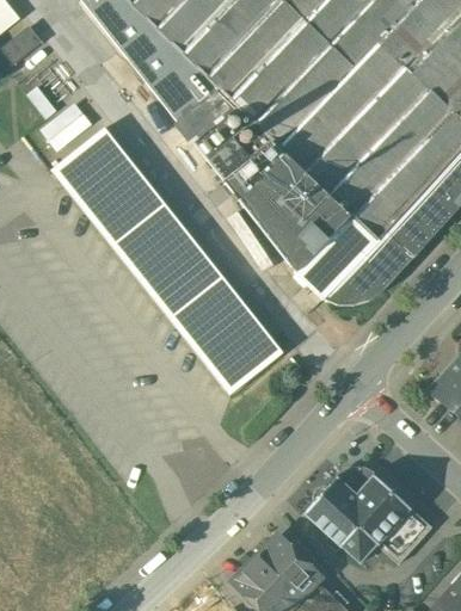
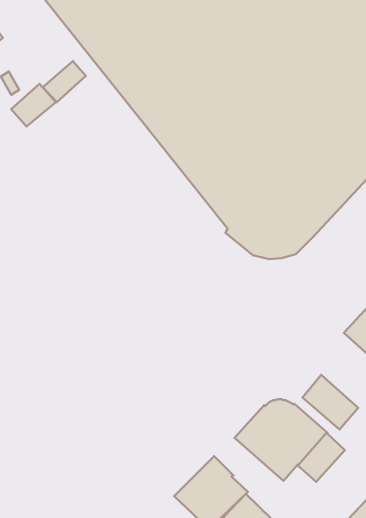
building: none -> [43,61,86,102]
building: [55,130,281,393] -> none
building: none -> [302,375,358,429]

